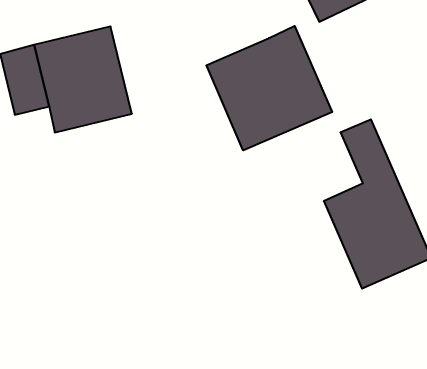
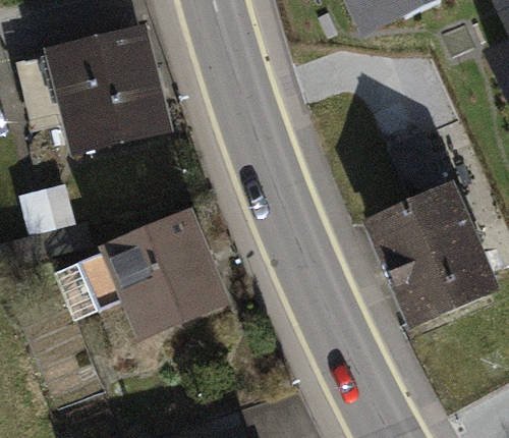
building: [206,26,332,150] -> none
building: none -> [61,219,226,335]

